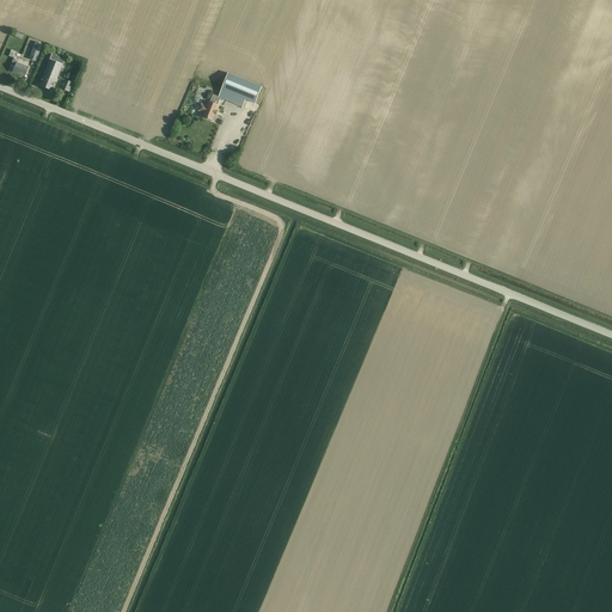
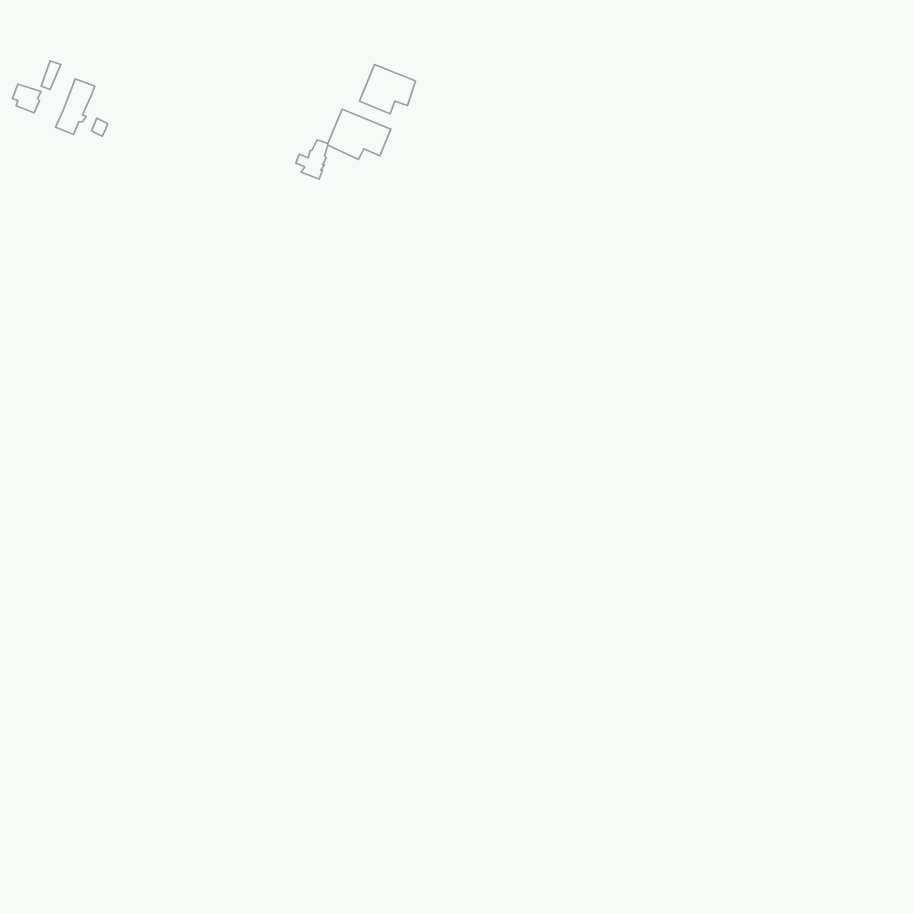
building: none -> [360,64,415,114]

